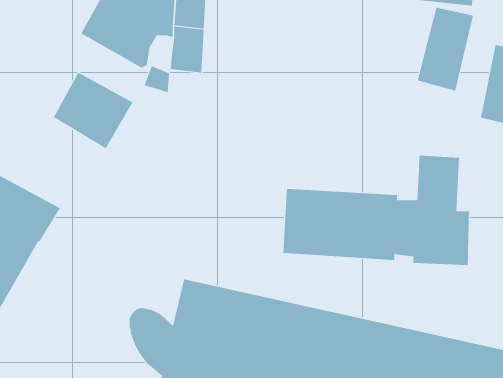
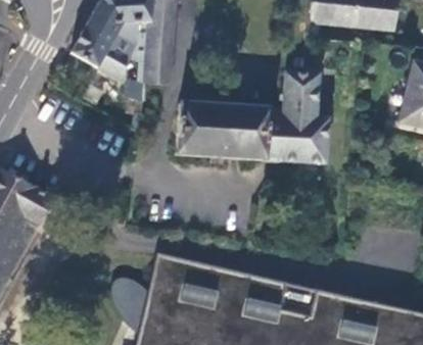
building: [417,7,473,92] -> none
building: [53,72,133,149] -> none
building: [282,155,470,266] -> [175,73,329,164]

